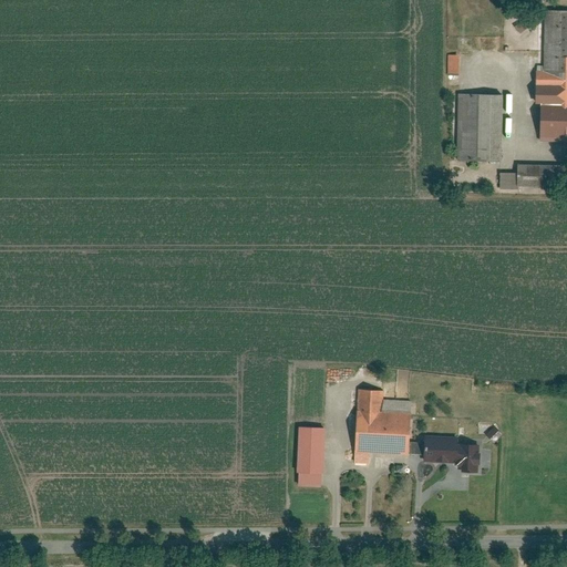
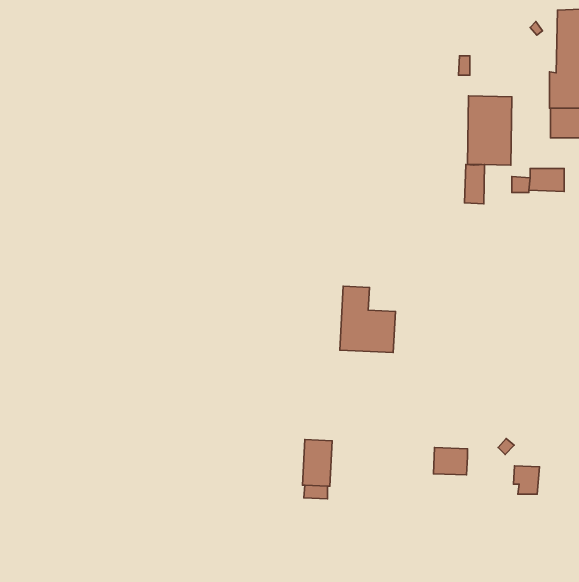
building: none -> [464,164,484,204]
building: [357,390,411,454] -> [340,286,396,352]
building: [456,444,482,472] -> [513,466,540,494]

